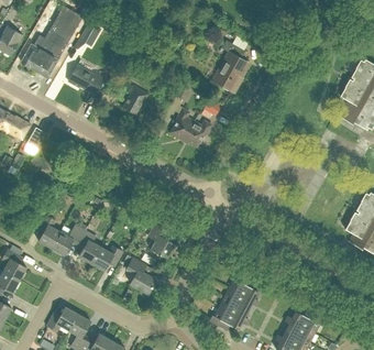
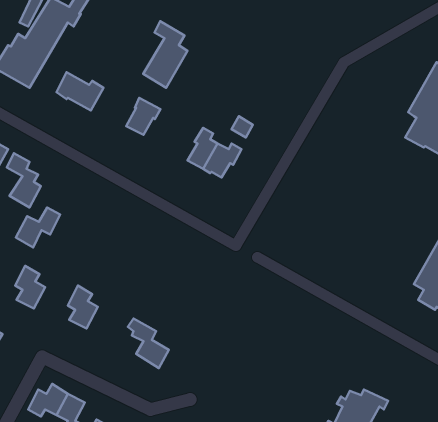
building: [212,40,246,91] -> [143,21,187,88]
building: [147,223,175,259] -> none
building: [51,225,85,255] -> [16,207,60,247]
building: [91,245,122,271] -> none
building: [209,272,257,330] -> none

